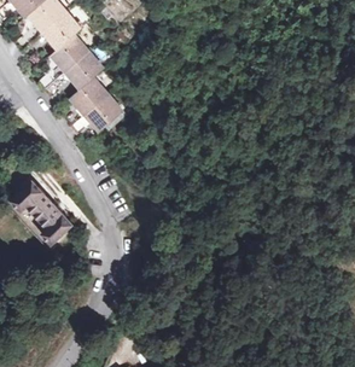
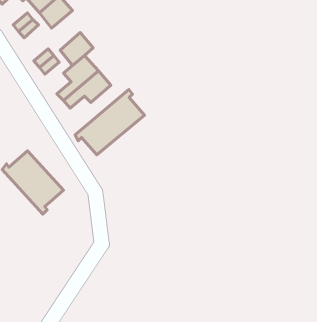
building: [53,29,91,66] -> none
building: none -> [75,90,145,155]

